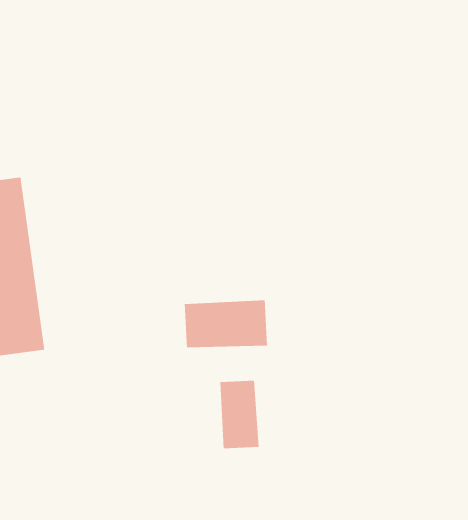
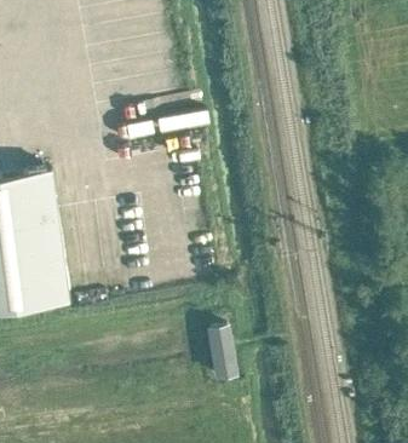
building: [184,300,268,348] -> none

